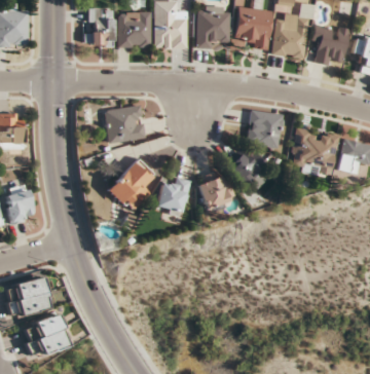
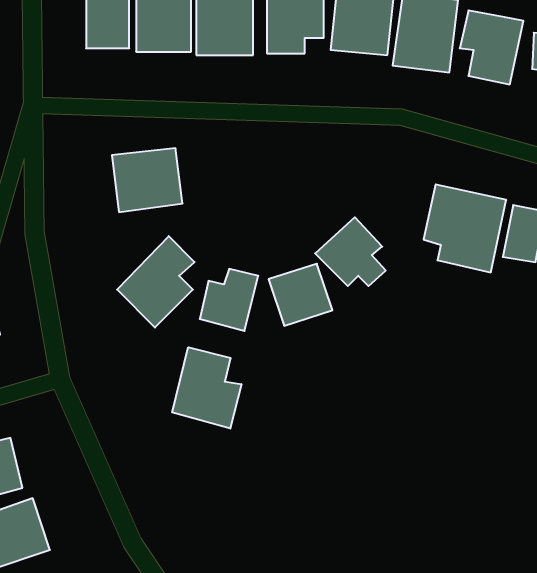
building: [247,109,284,149] -> none
building: none -> [172,347,241,429]

